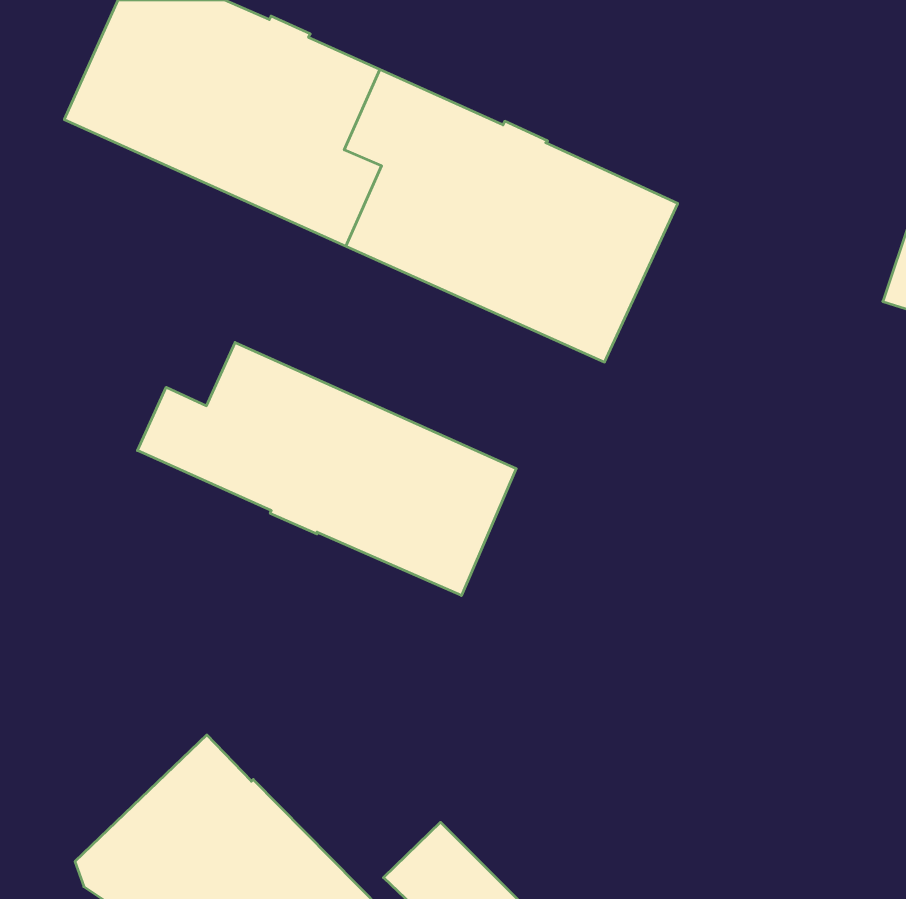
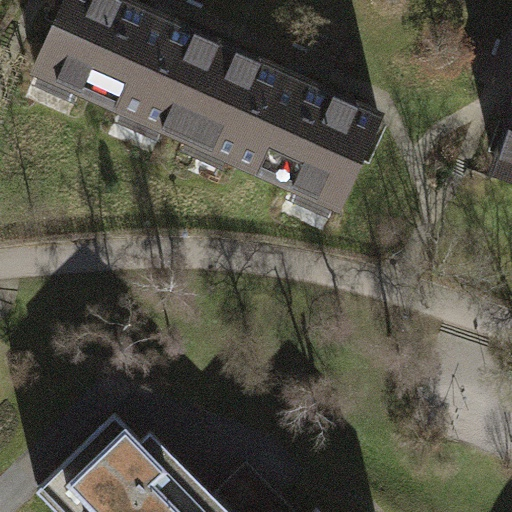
building: [137,342,516,596] -> none

